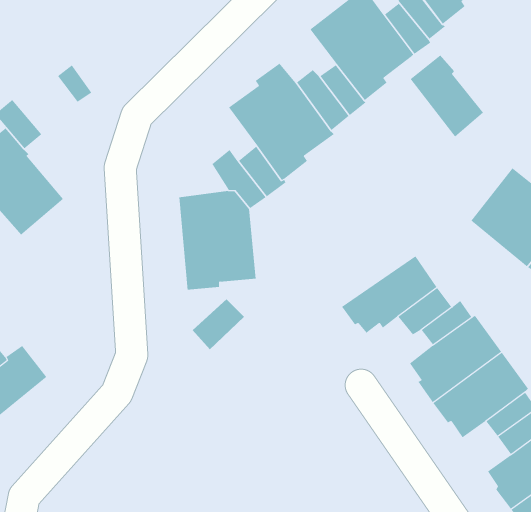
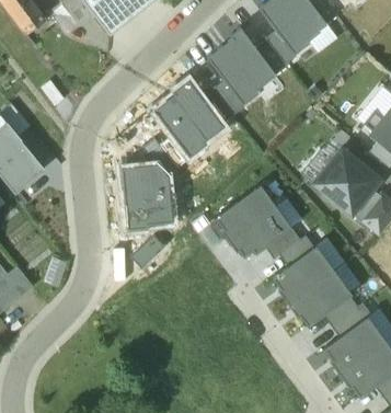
building: [410,55,484,138] -> none
building: none -> [215,185,277,241]

